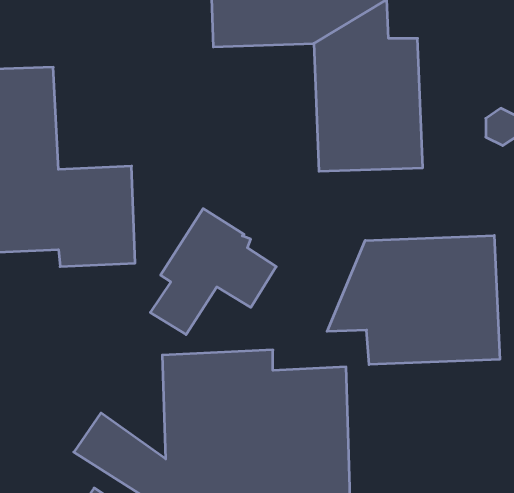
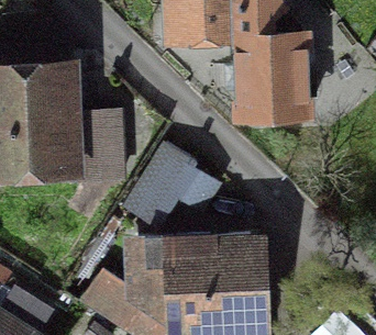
building: [327,235,500,365] -> none

